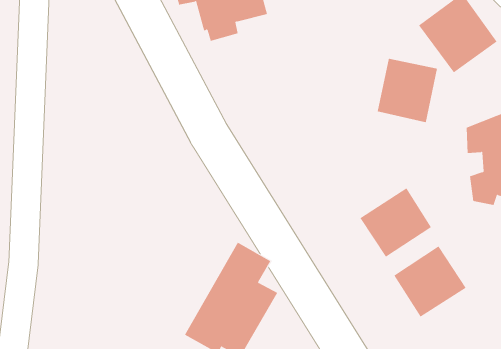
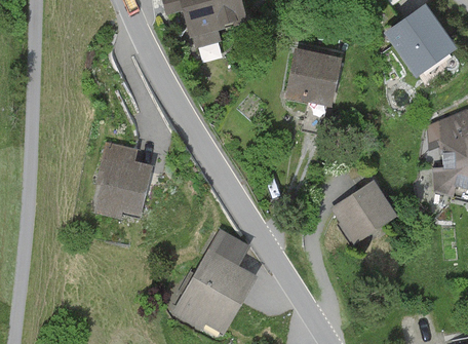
building: [377,58,438,123] -> [284,48,340,107]
building: none -> [93,142,153,219]
building: [393,245,466,318] -> none

